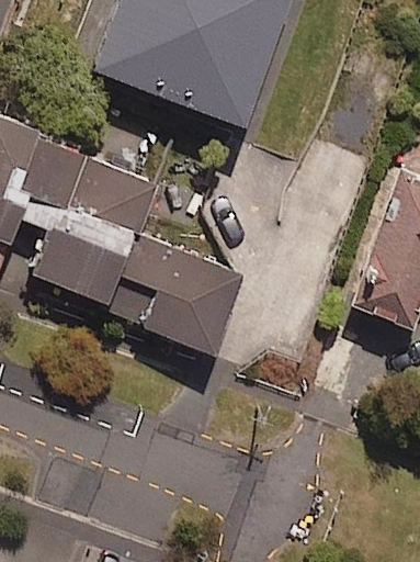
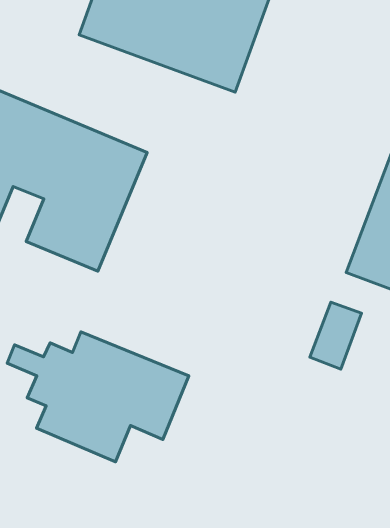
building: [121,238,245,353] -> none
building: none -> [7,332,189,462]

